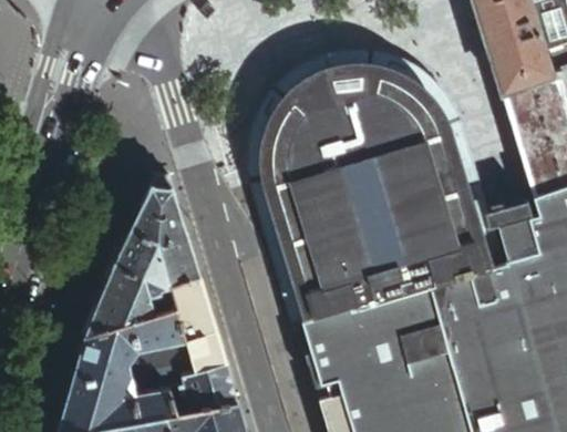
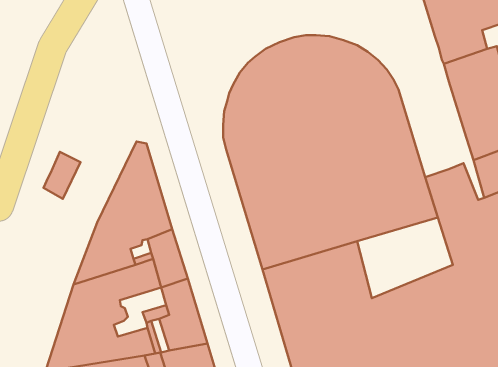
building: none -> [44,152,81,199]
building: [405,263,513,353] -> none

